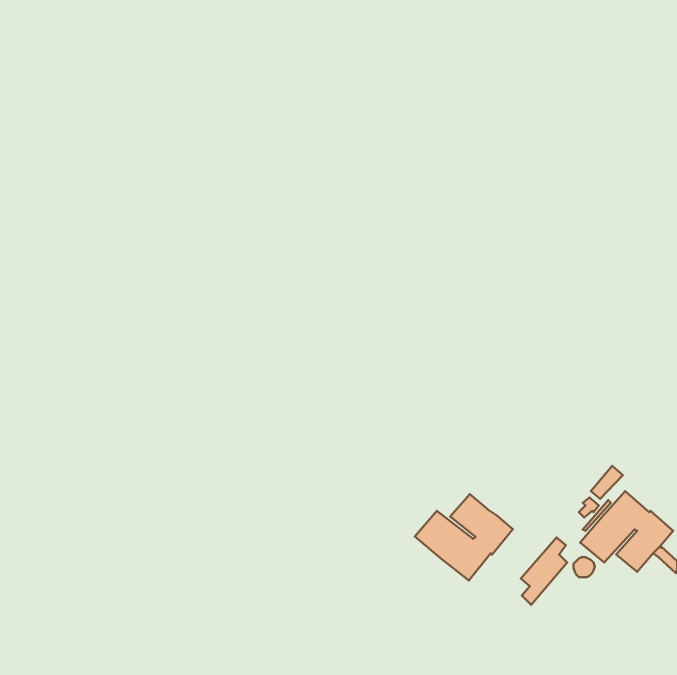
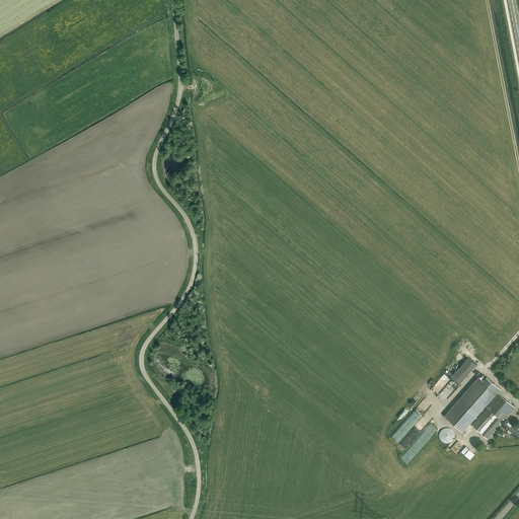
building: [415,494,513,581] -> none

